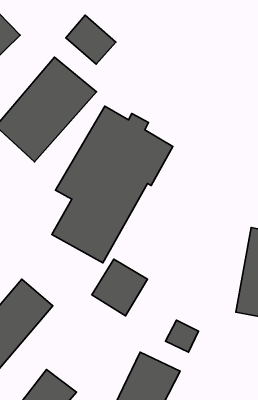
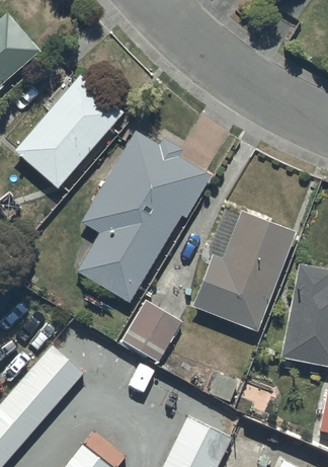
building: [66,15,116,64] -> none
building: none -> [192,211,297,334]

